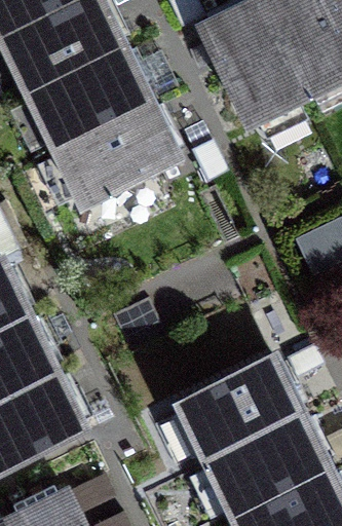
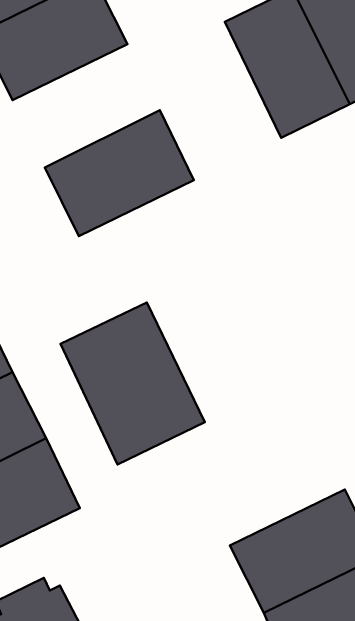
building: [27,45,148,147] -> none
building: none -> [61,302,205,464]
building: [178,355,300,458] -> none

